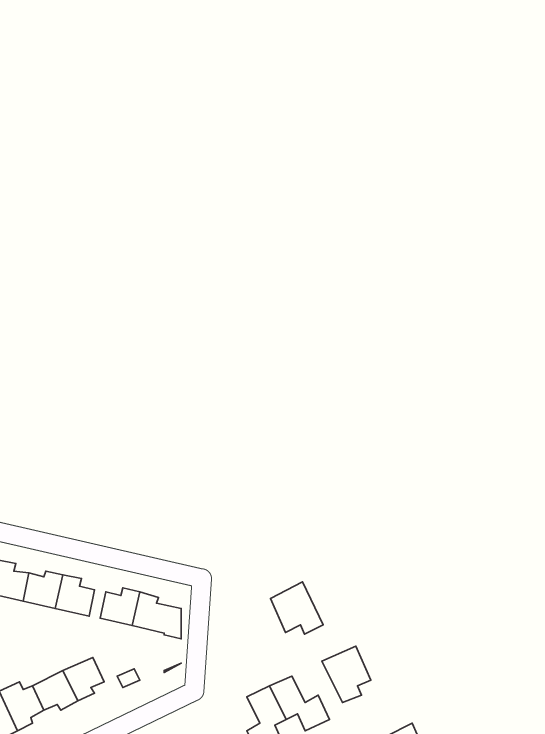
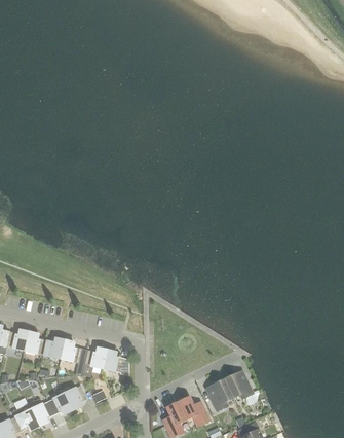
building: [271,582,323,634] -> [224,370,253,399]

